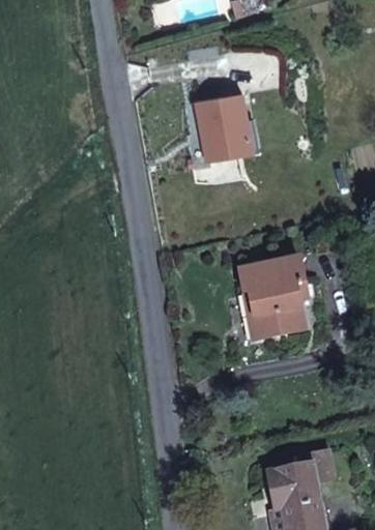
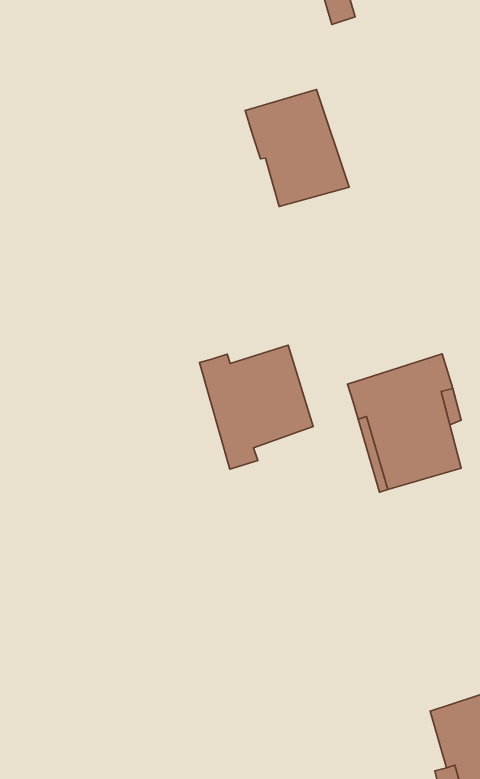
building: none -> [199,345,313,469]

